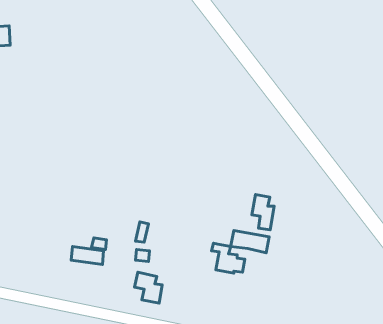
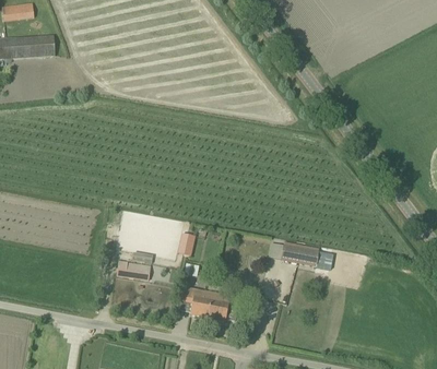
building: [252,194,274,230] -> none
building: [212,243,245,273] -> [202,290,236,321]

